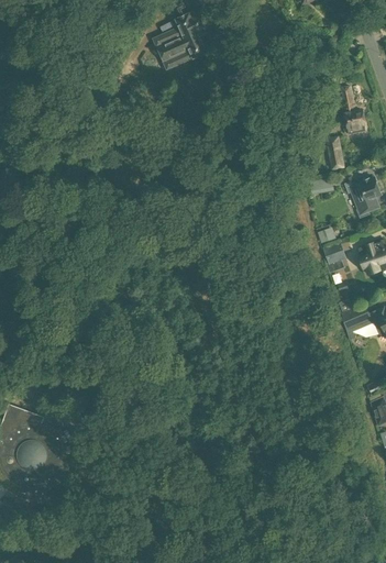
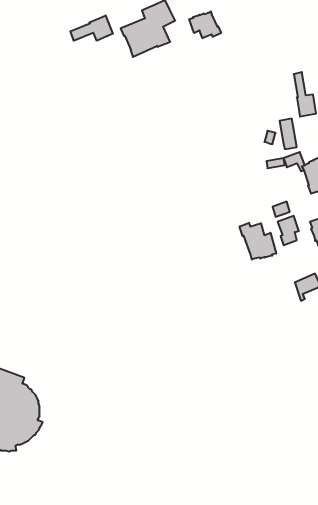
building: none -> [189,11,221,38]
building: none -> [70,15,113,41]
building: none -> [240,223,276,260]

